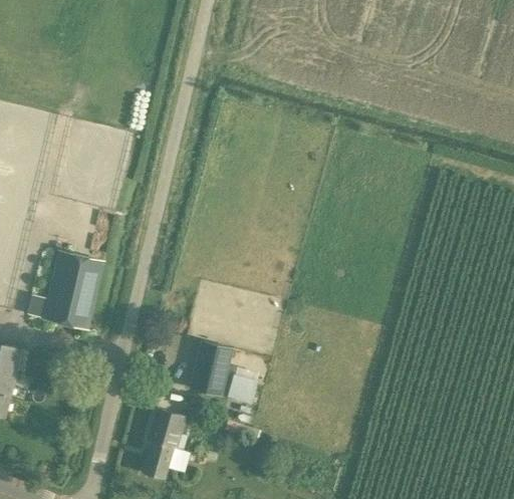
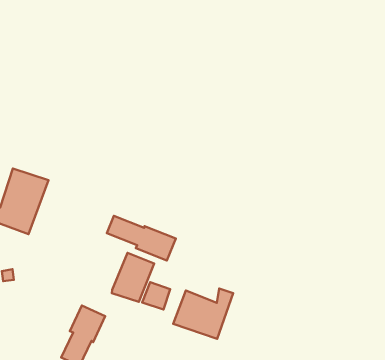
building: none -> [107,216,176,261]
building: none -> [173,289,233,339]

